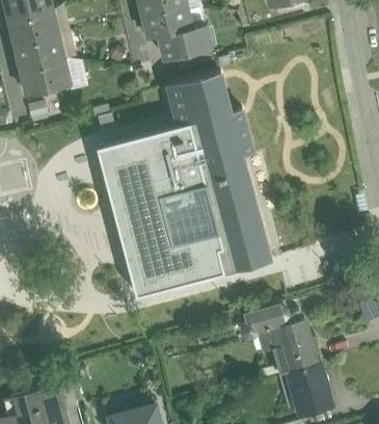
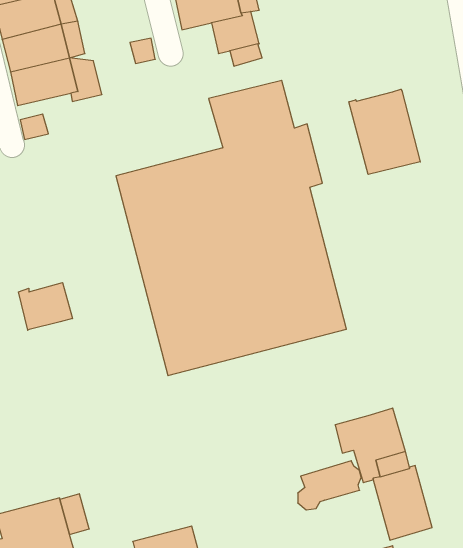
building: none -> [349,89,420,174]
building: none -> [19,283,72,330]
building: [240,302,287,339] -> [298,461,361,510]

